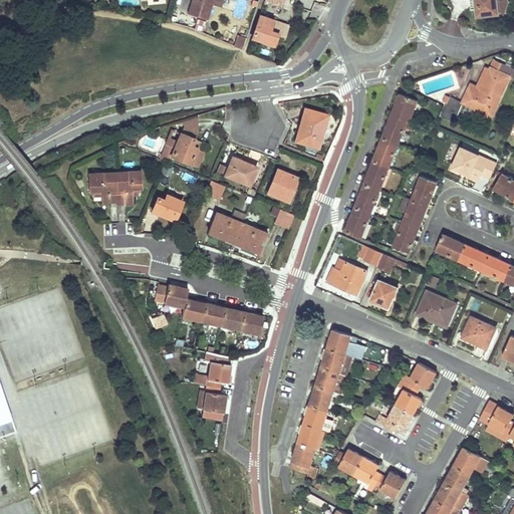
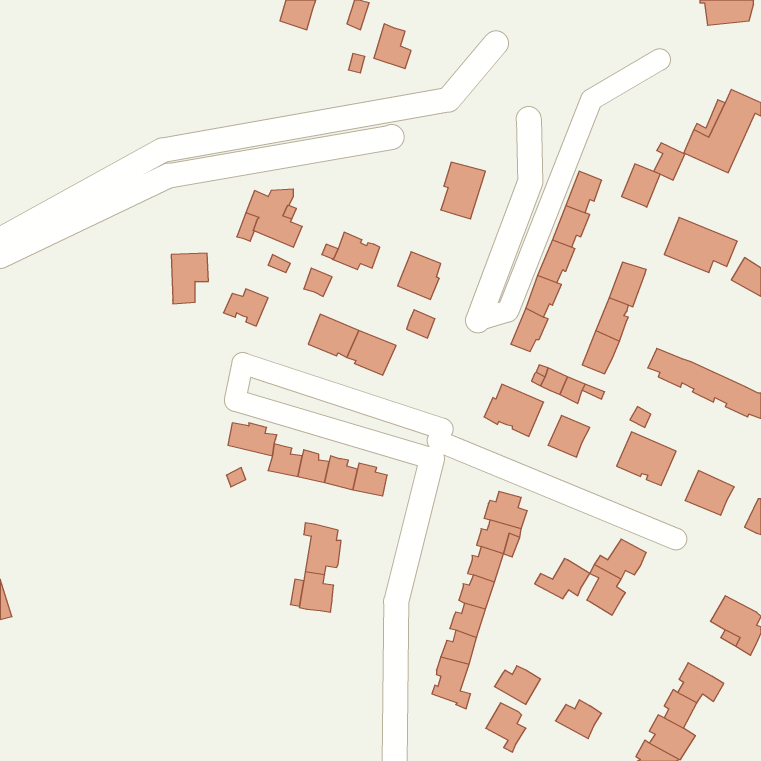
building: [391,93,417,122] -> [622,164,660,207]
building: [88,172,116,203] -> none
building: [375,405,413,432] -> [535,558,590,599]
building: [354,458,381,491] -> [486,703,526,752]

